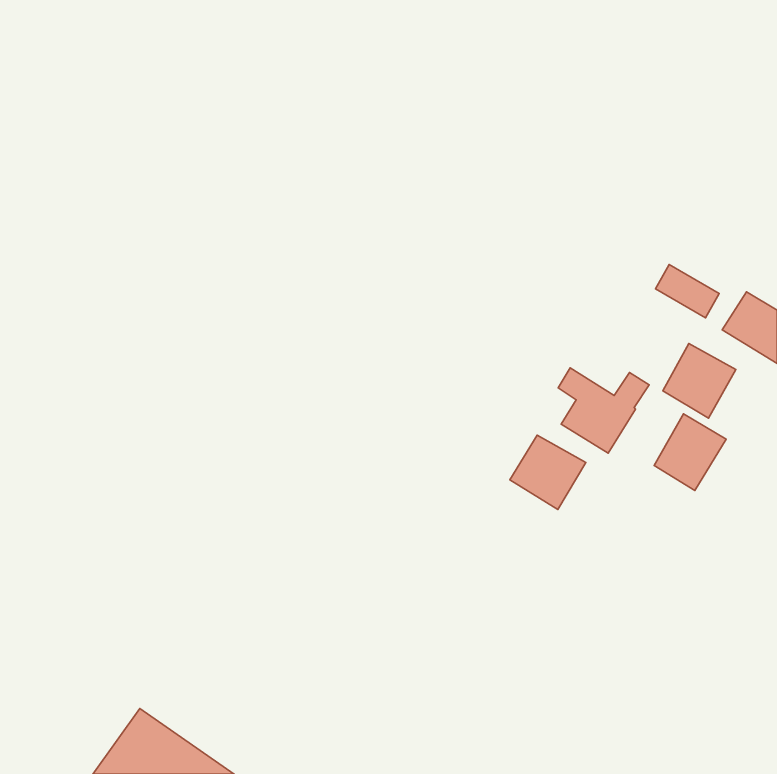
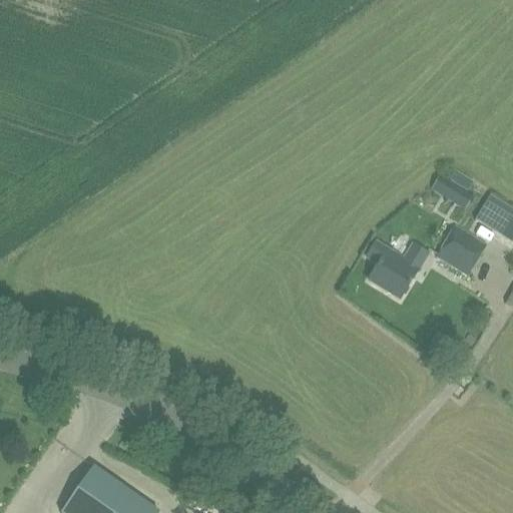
building: [654,414,726,490] -> none
building: [510,435,586,509] -> none

